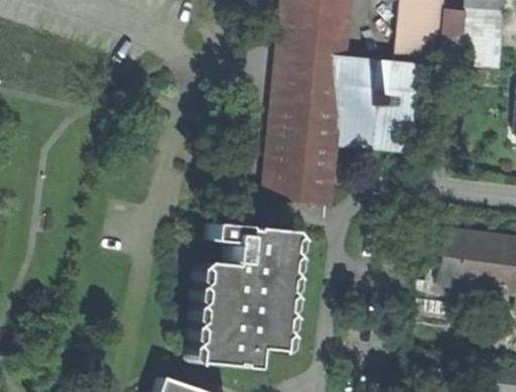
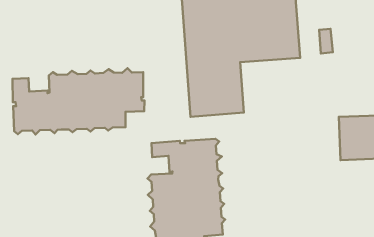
building: none -> [13,68,145,135]

